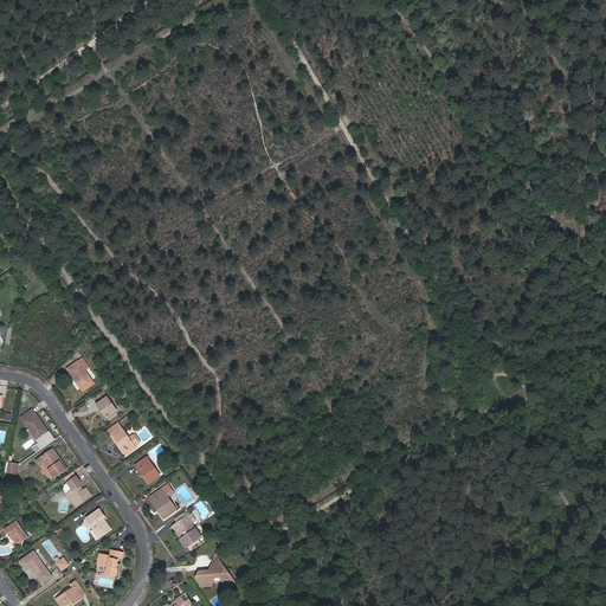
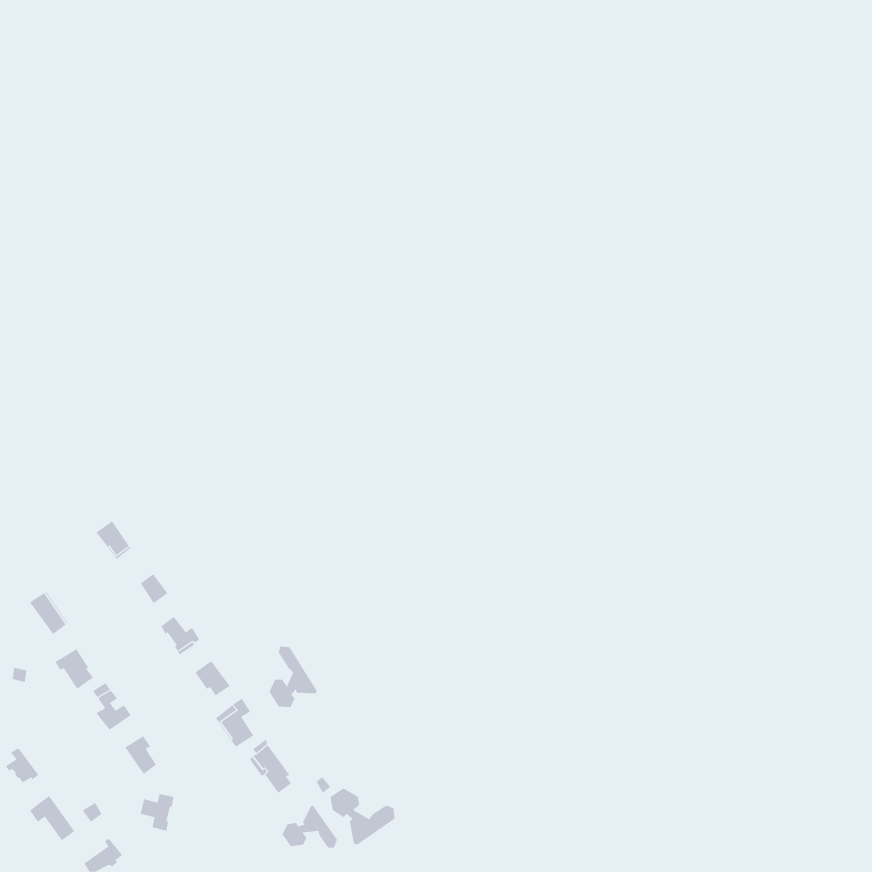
building: none -> [269,645,317,708]
building: none -> [330,787,395,846]

